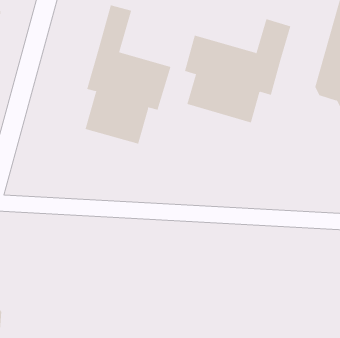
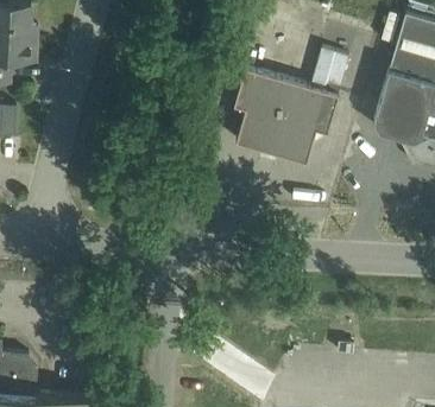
building: [85,5,171,145] -> none

